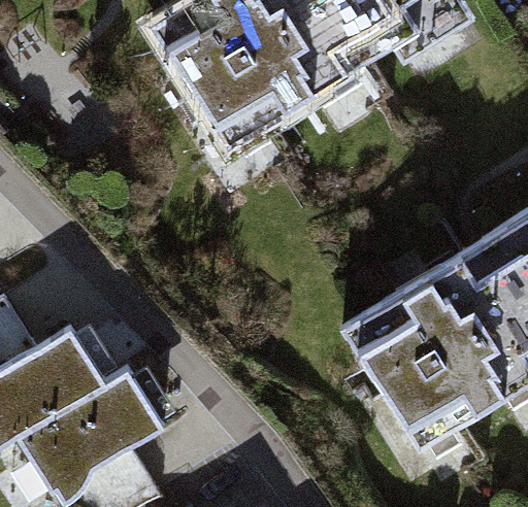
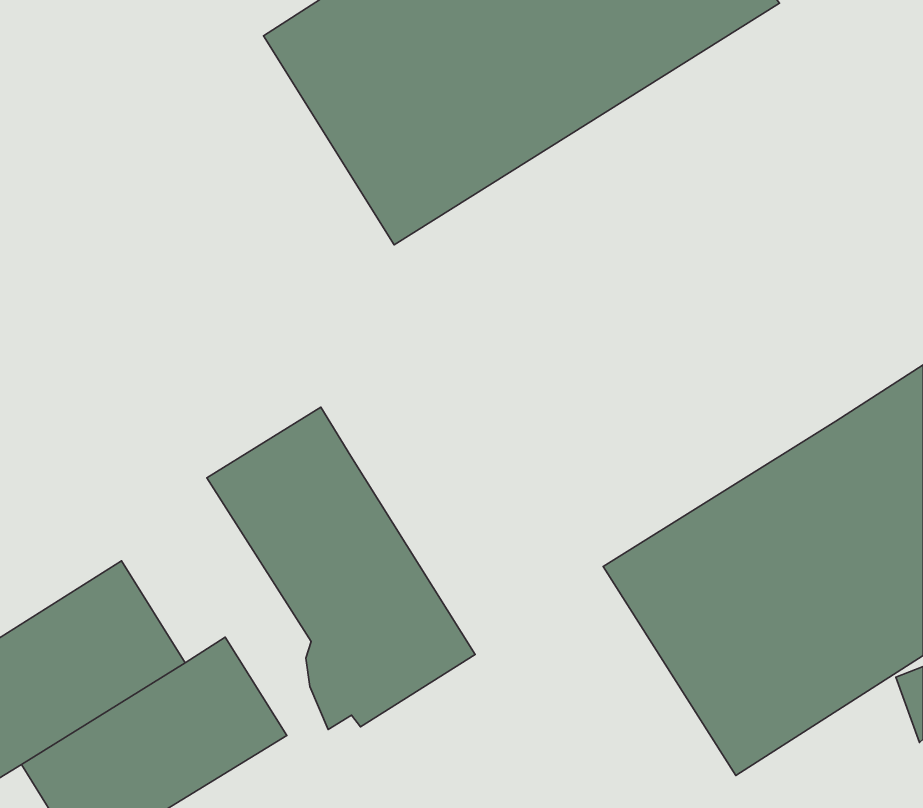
building: none -> [207,407,475,729]

